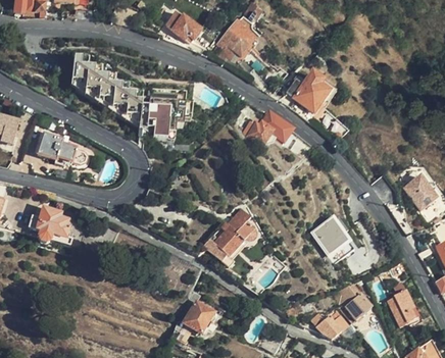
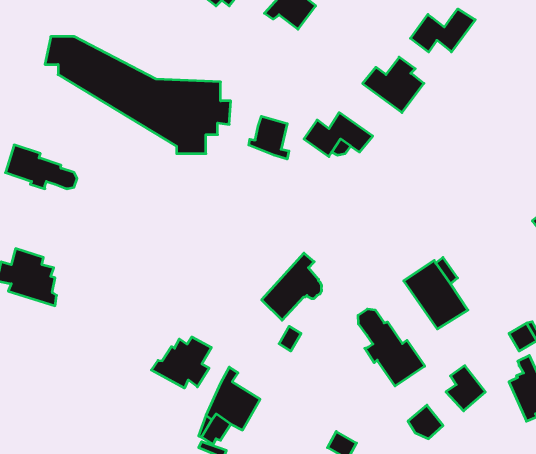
building: none -> [410,9,475,52]
building: none -> [249,116,289,159]
building: none -> [358,309,425,386]
building: none -> [151,337,211,388]

